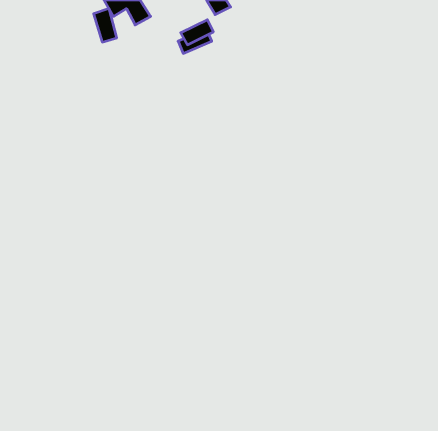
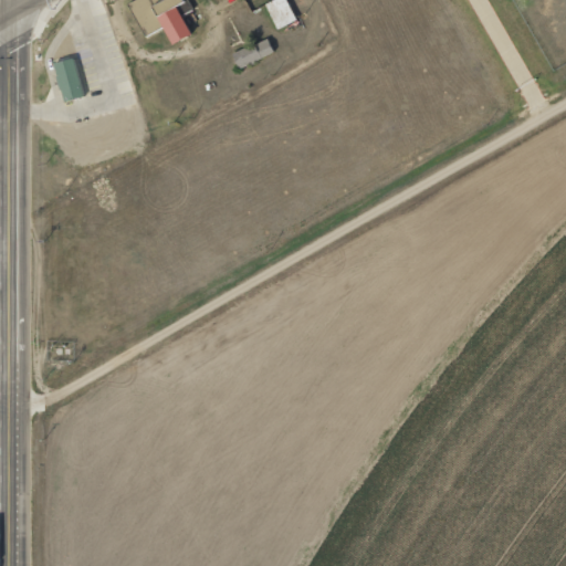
building: [94,9,117,42] -> [52,54,82,97]

